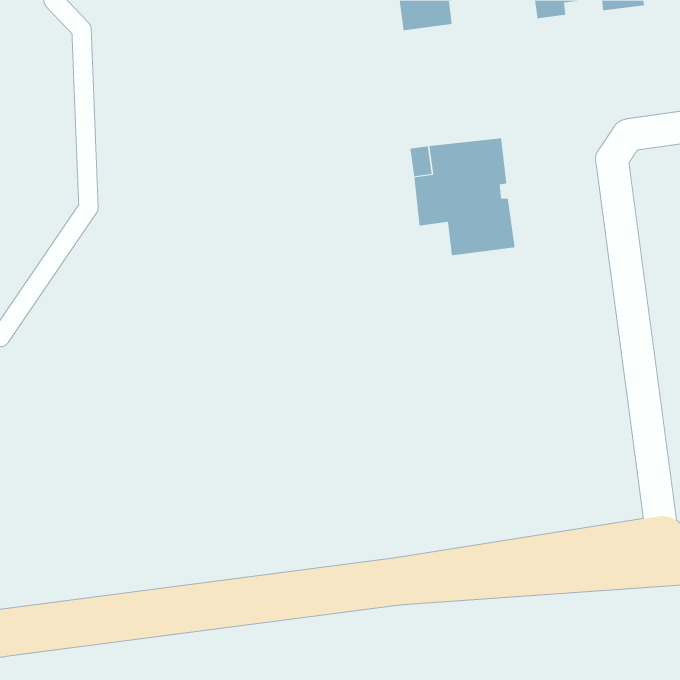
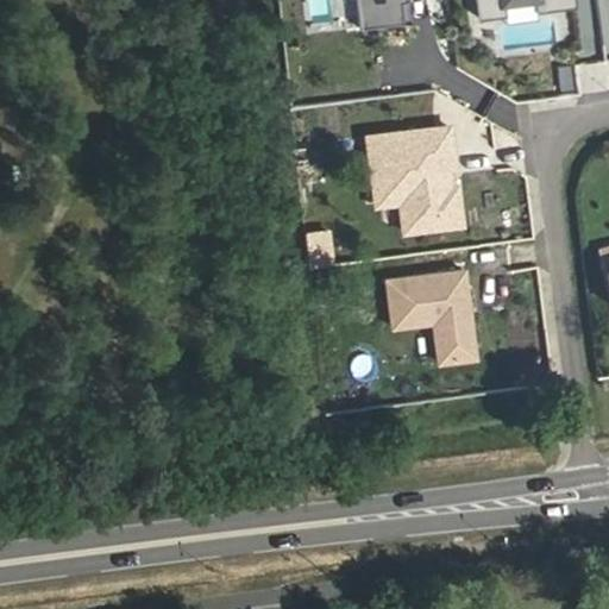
building: none -> [385,270,475,363]

